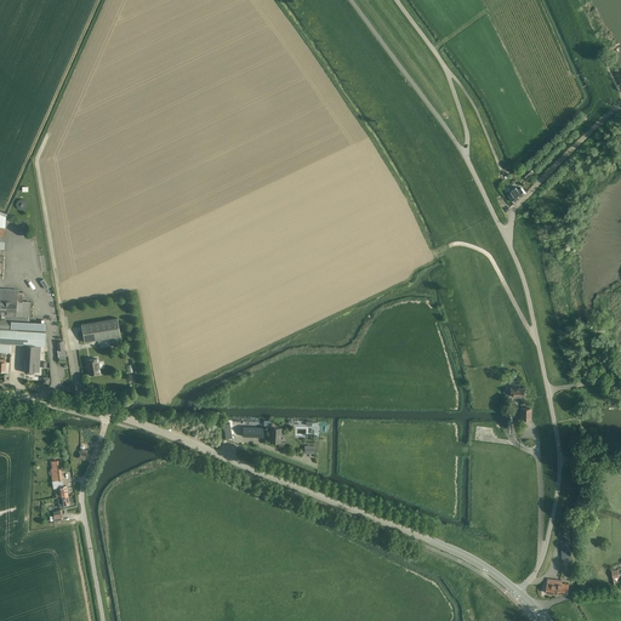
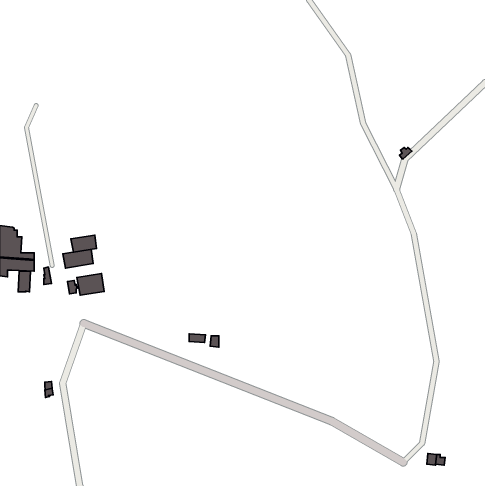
building: none -> [71,235,96,252]
building: none -> [77,273,104,295]

